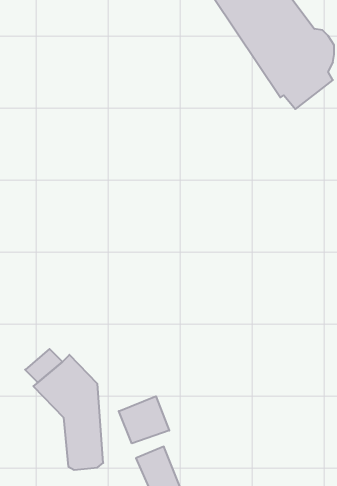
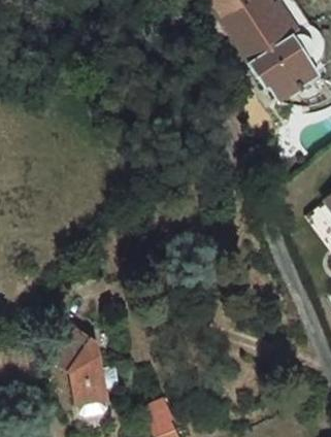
building: [119,396,169,443] -> none

